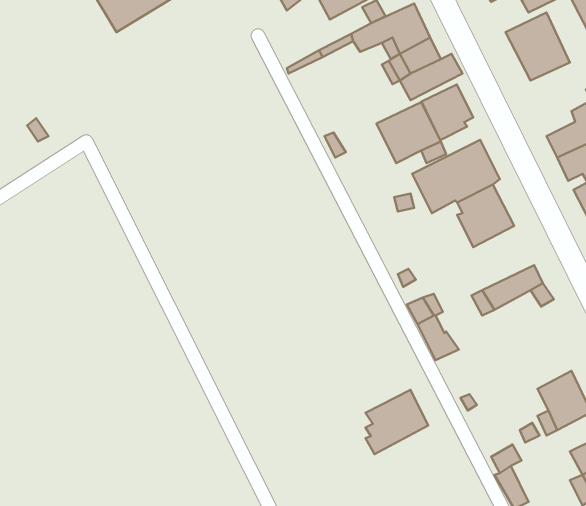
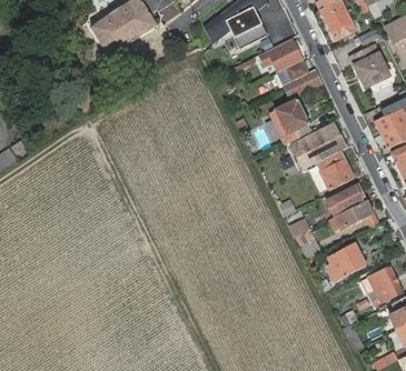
building: [422,85,473,140] -> none
building: none -> [326,182,365,213]
building: [366,390,428,454] -> [328,242,367,282]

